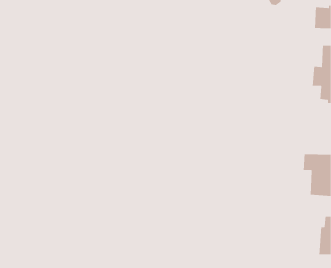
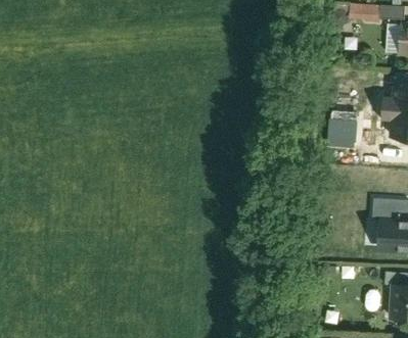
building: none -> [326,116,355,145]

